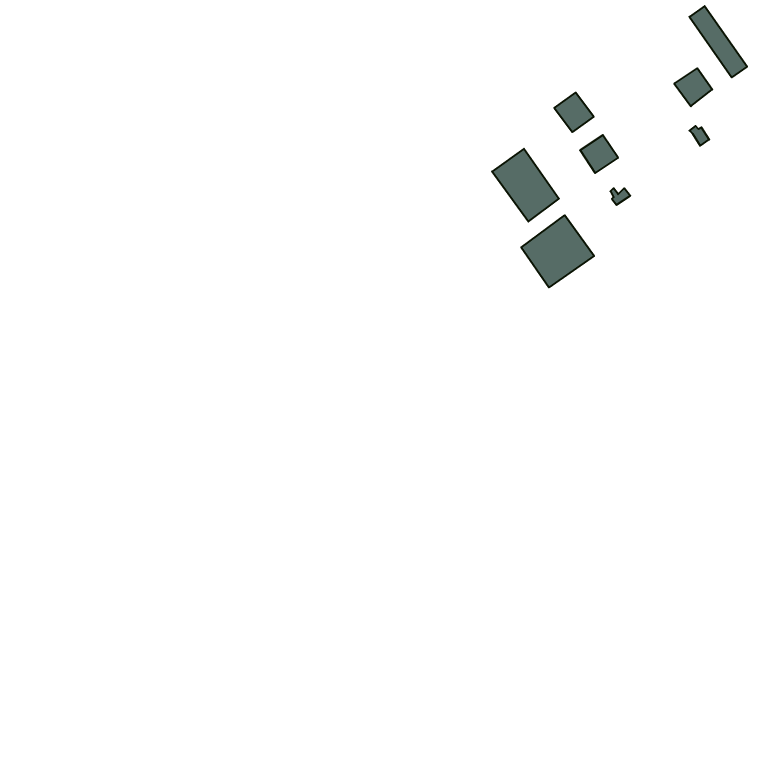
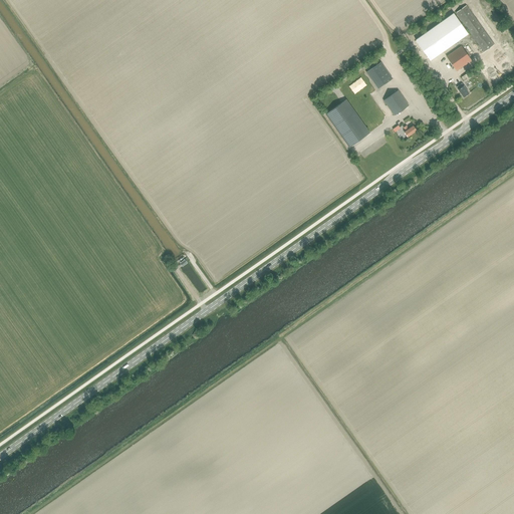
building: none -> [416,13,469,60]
building: [521,215,594,287] -> none

